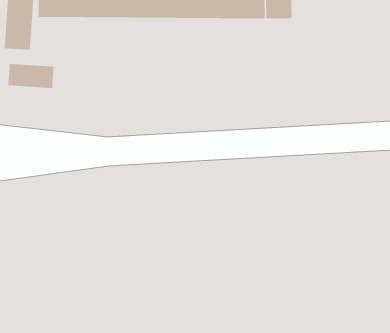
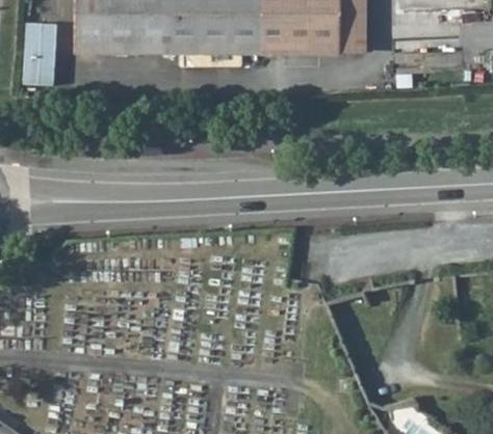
building: [7,63,54,89] -> none

